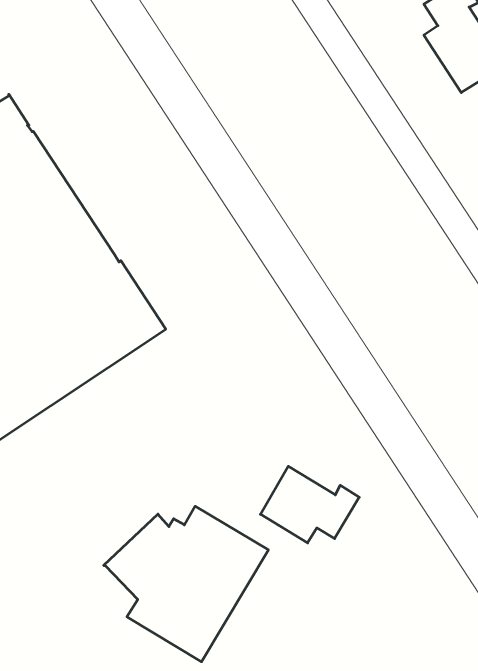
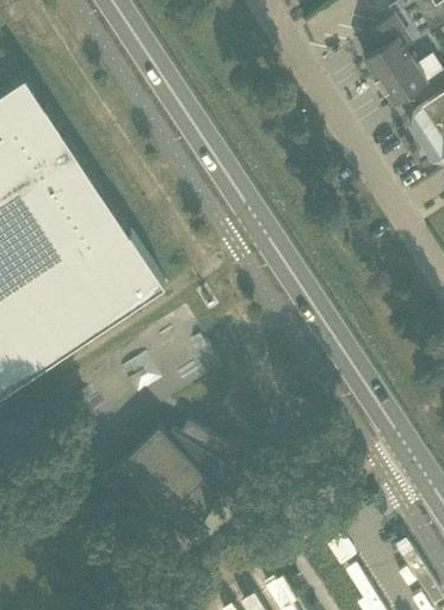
building: [260,466,359,543] -> none

